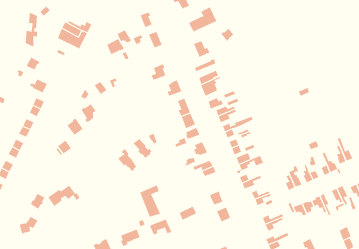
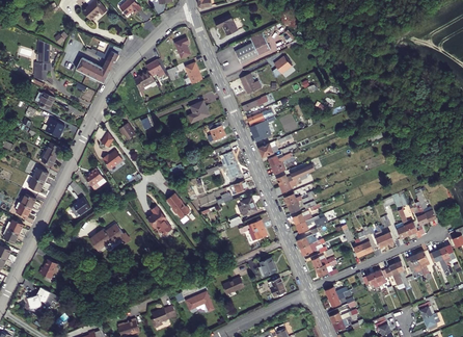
building: [139,185,161,218] -> none
building: [47,185,81,207] -> [90,225,131,252]

